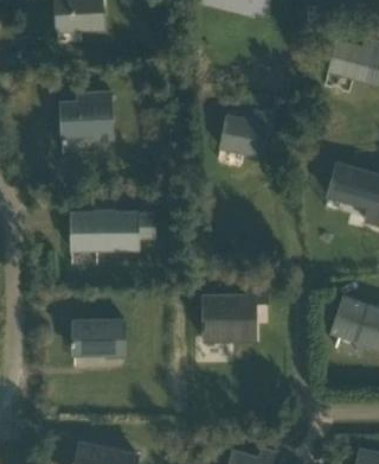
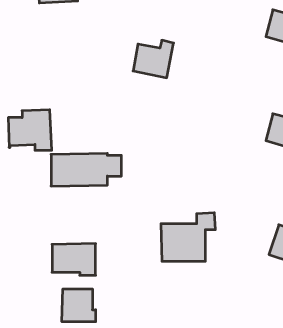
building: [60,93,113,141] -> [8,110,52,150]
building: [220,112,269,157] -> [133,40,174,78]
building: none -> [62,289,96,322]

